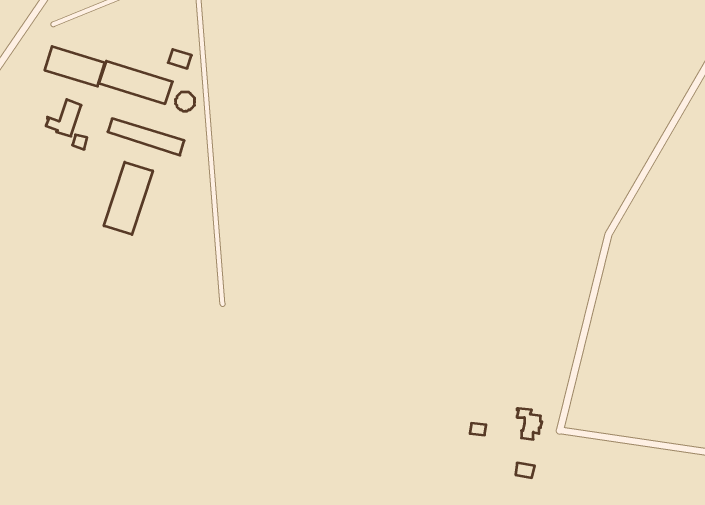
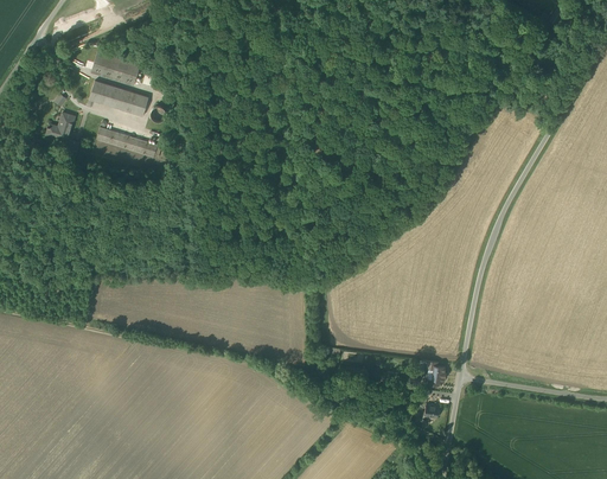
building: [45,46,105,86] -> [91,52,140,84]
building: [104,162,153,235] -> none

